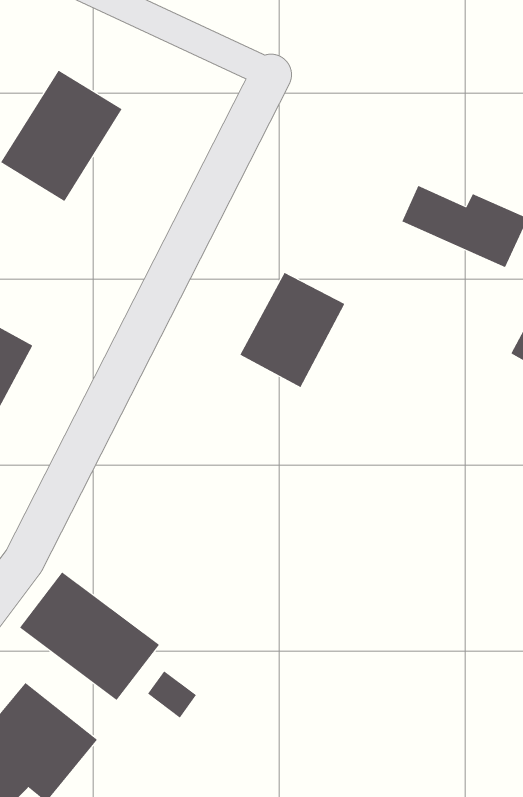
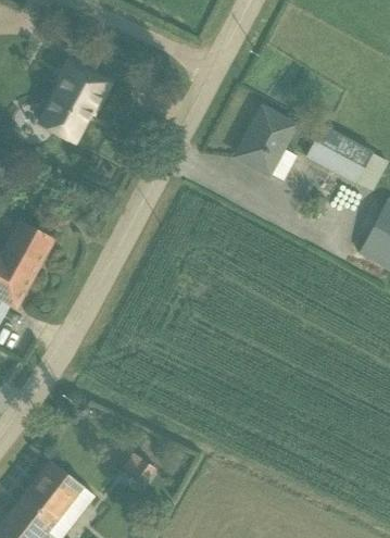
building: [240,272,345,388] -> [231,101,301,177]
building: [19,571,160,701] -> none

